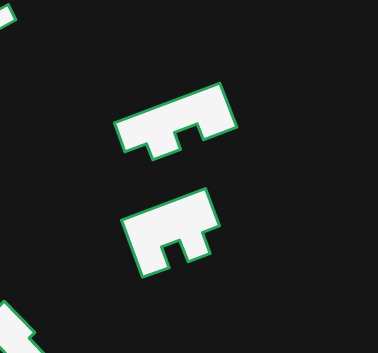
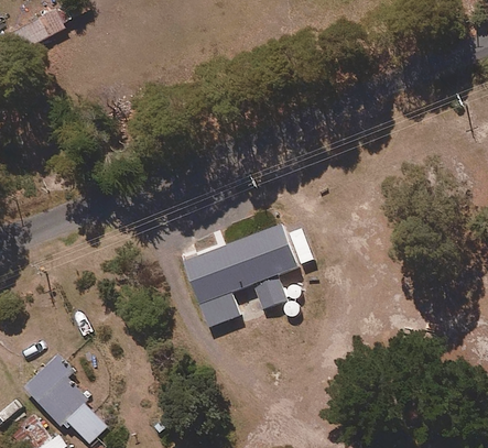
building: [114,83,237,160] -> none

